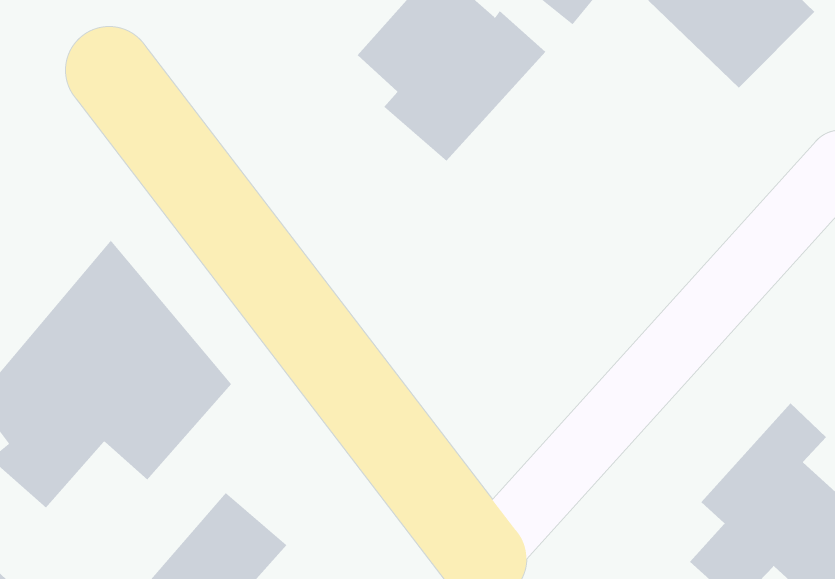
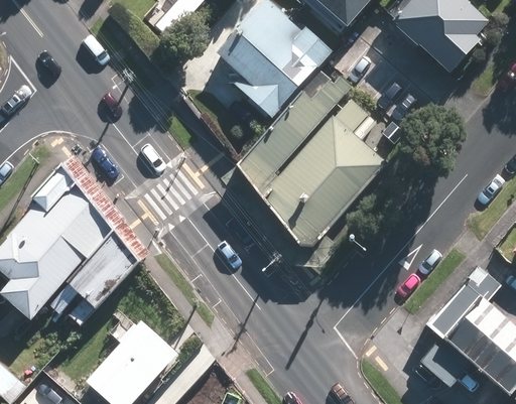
building: none -> [237,71,400,245]

